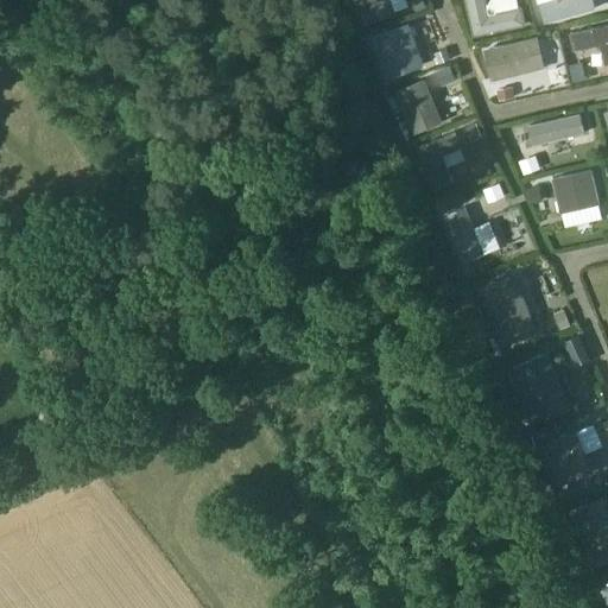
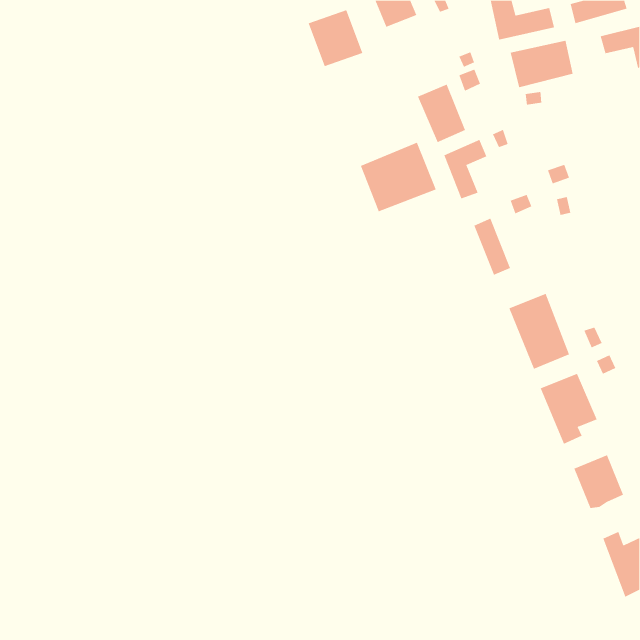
building: [372,24,424,78] -> [308,9,363,67]
building: [530,114,584,145] -> none
building: none -> [360,142,436,212]
building: [552,169,601,214] -> none

